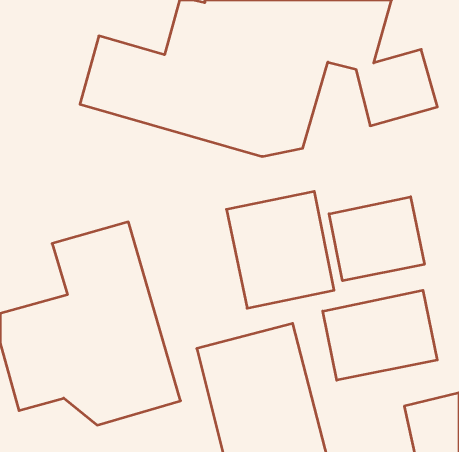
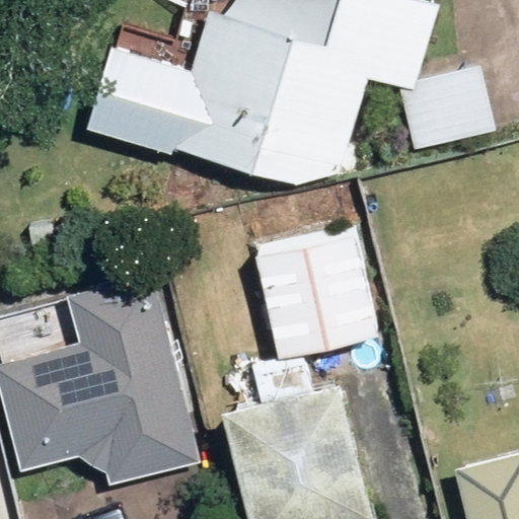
building: [329,197,424,281] -> none
building: [323,290,437,380] -> none

